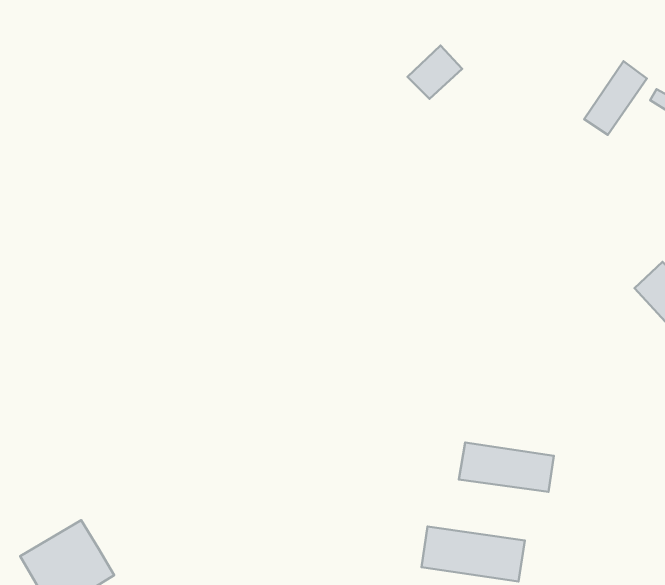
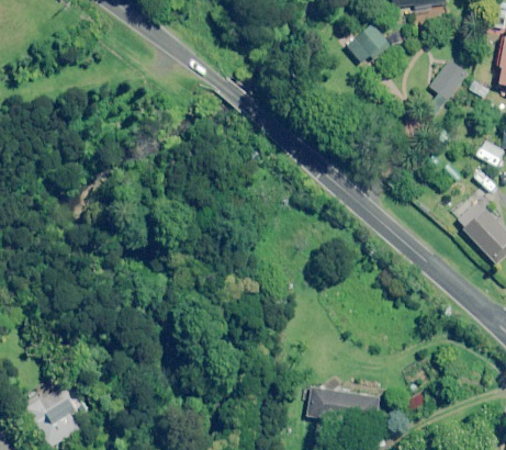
building: [407,45,462,99] -> [347,23,385,60]
building: [459,443,554,492] -> none

